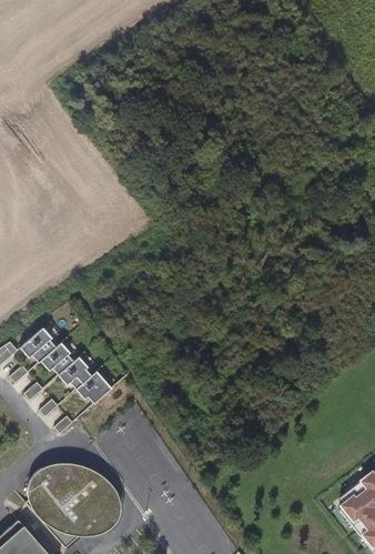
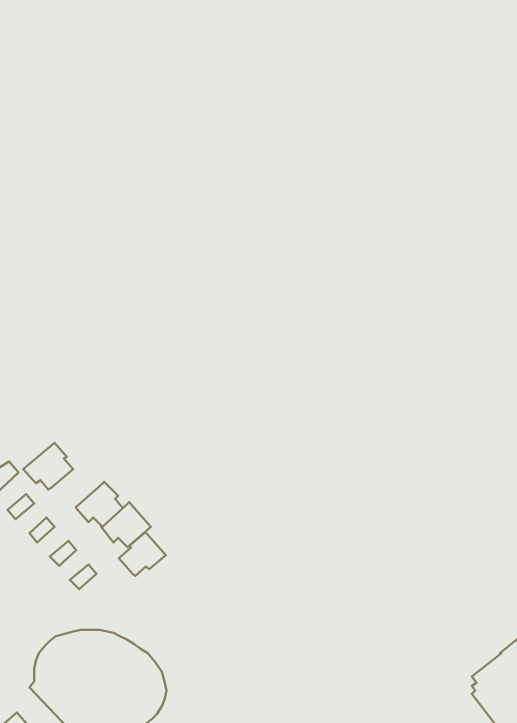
building: [41,343,74,374] -> none
building: none -> [119,532,166,576]

